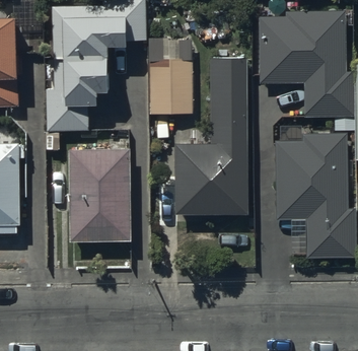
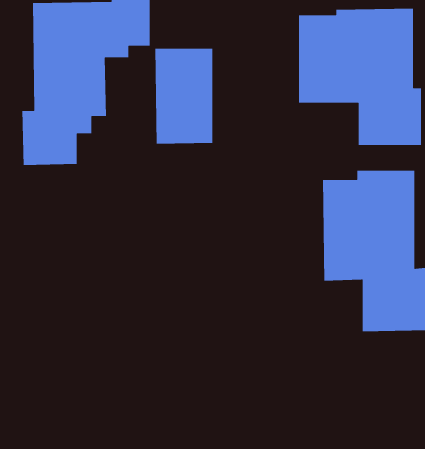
building: [174,59,248,217] -> none
building: [71,149,133,242] -> none

